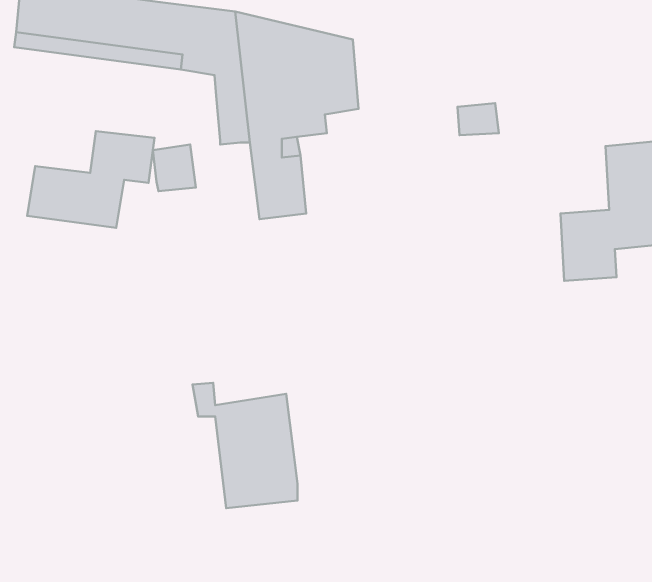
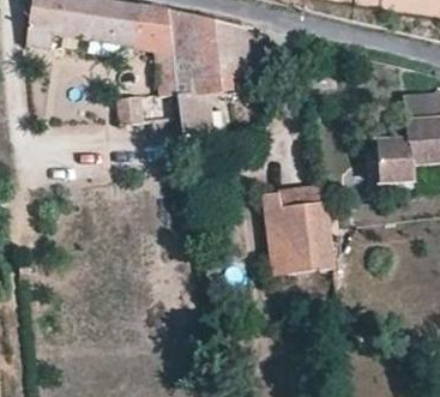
building: [27,131,154,228] -> none
building: [193,383,297,508] -> [266,192,333,272]

